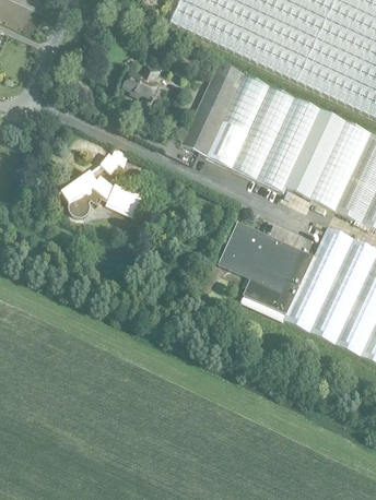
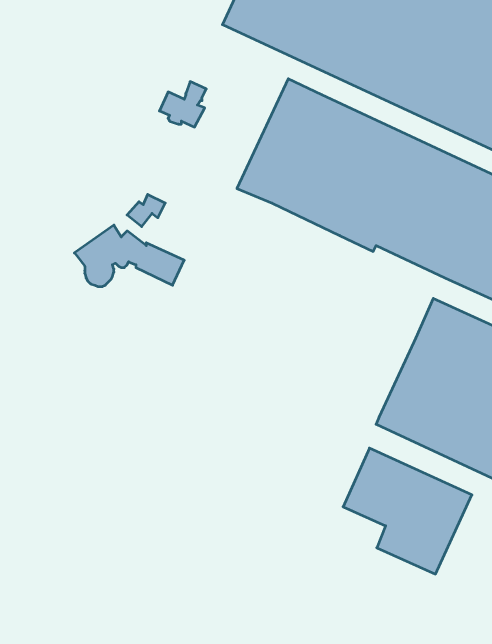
building: [219,221,315,314] -> [343,448,472,574]

